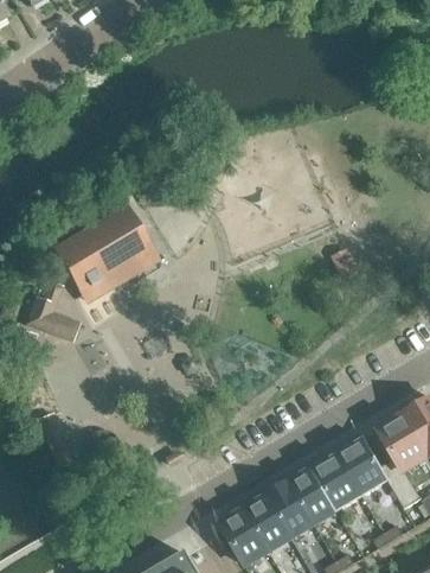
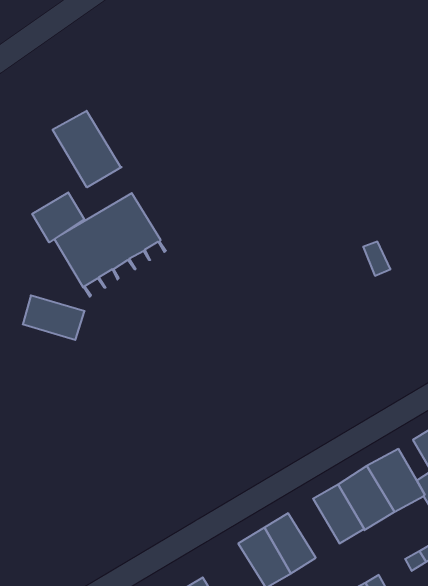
building: none -> [53,111,122,187]
building: none -> [32,192,84,242]
building: [264,483,310,536] -> none

